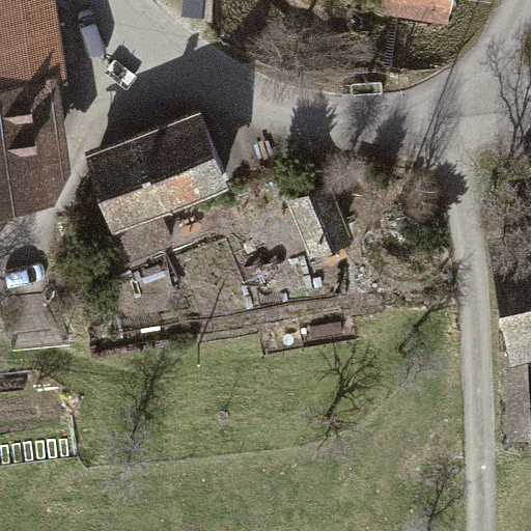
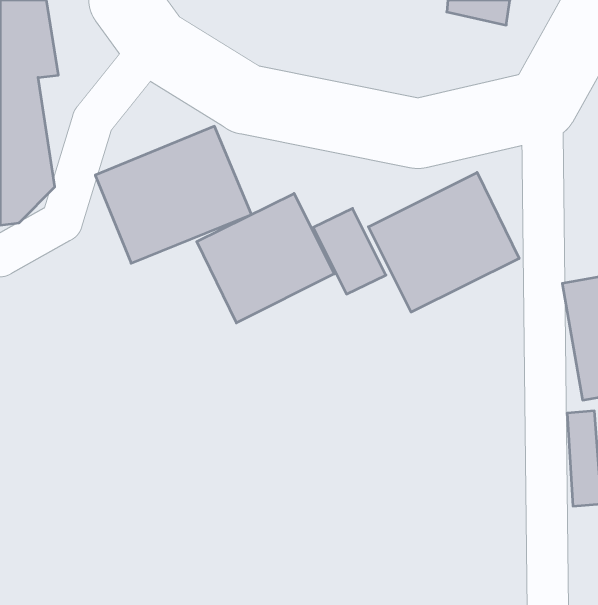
building: none -> [368,172,519,312]
building: none -> [197,193,334,323]

